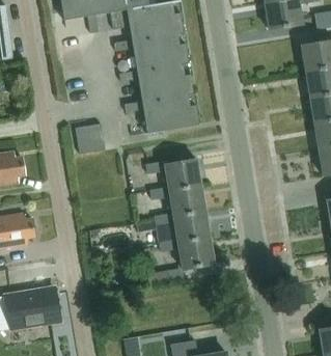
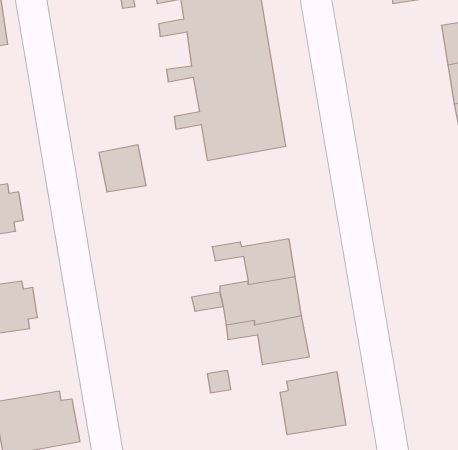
building: [145,159,200,191] -> none
building: none -> [280,372,346,435]

